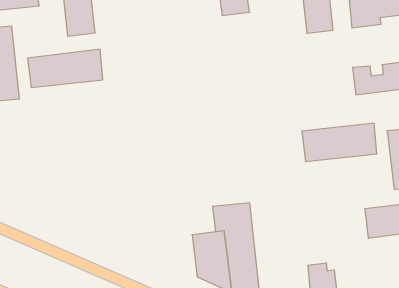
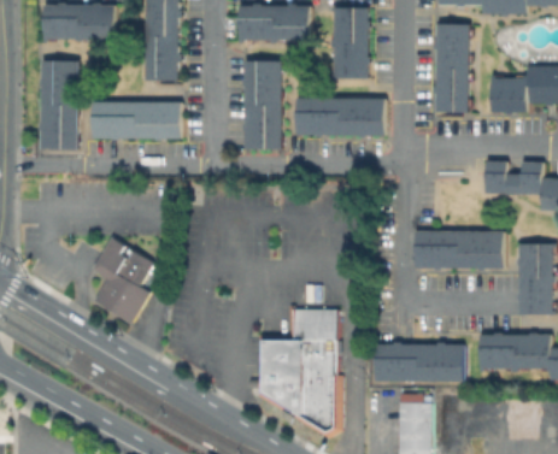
building: none -> [242,60,281,149]
building: none -> [295,98,384,136]
building: none -> [96,237,155,322]
building: none -> [372,342,462,382]

